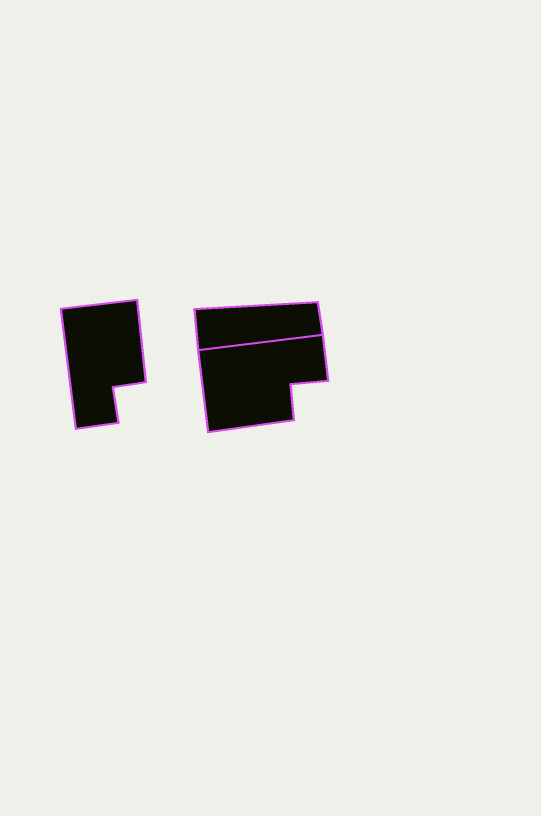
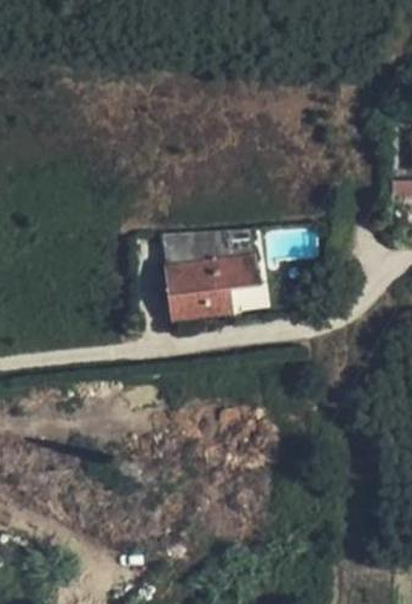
building: [61,300,146,429] -> none

